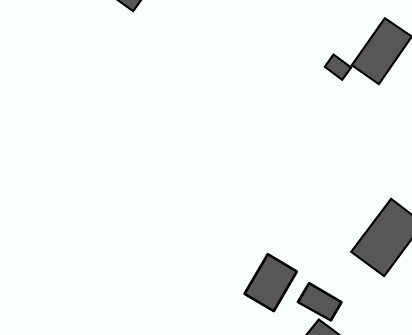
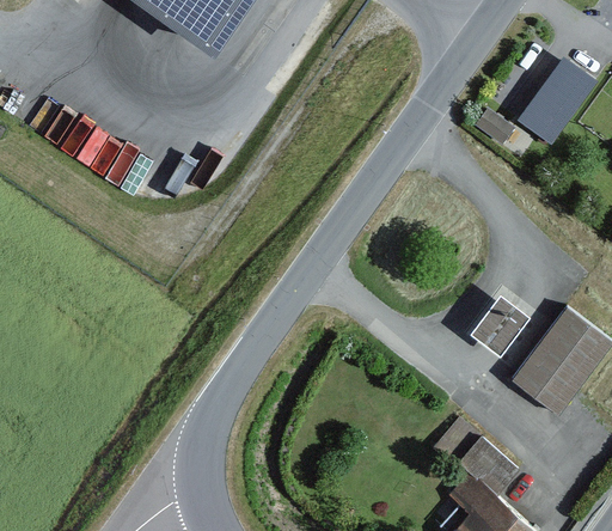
building: none -> [473,293,530,352]
building: [244,254,297,311] -> none

